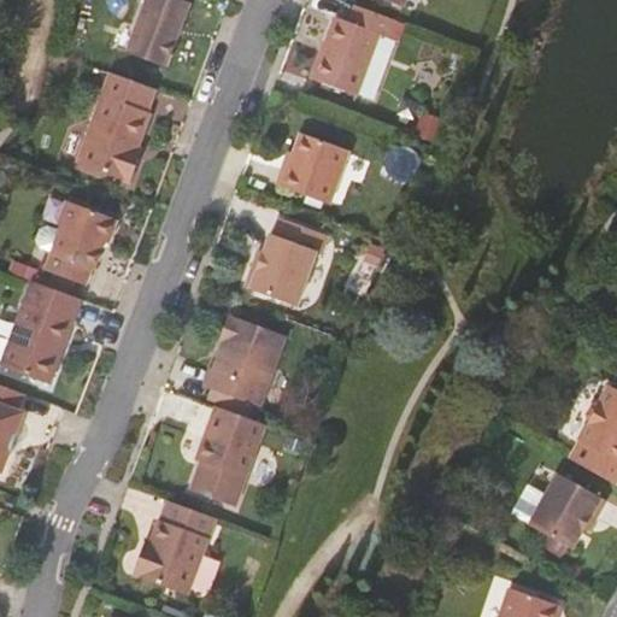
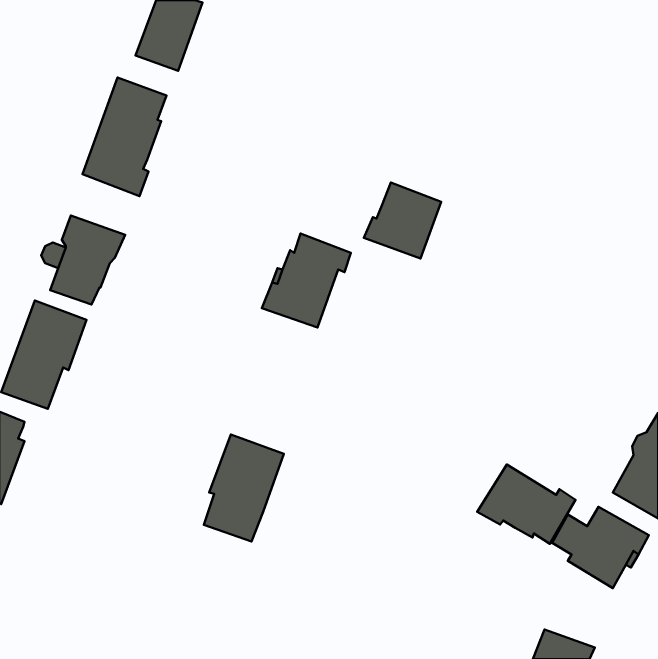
building: [319,8,401,104] -> none
building: [276,133,348,204] -> [364,182,441,259]
building: [199,313,281,405] -> none
building: none -> [477,464,576,544]
building: [133,500,217,595] -> none

